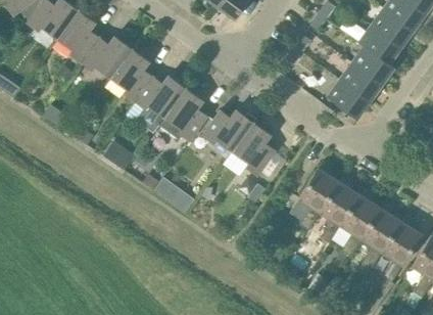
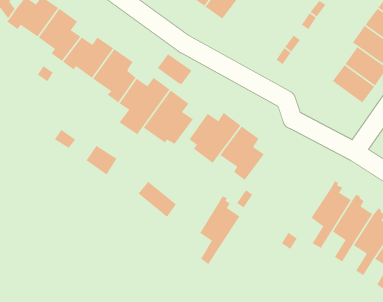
building: none -> [157,53,192,86]
building: [328,80,370,119] -> none
building: [299,162,339,229] -> [199,195,240,265]

